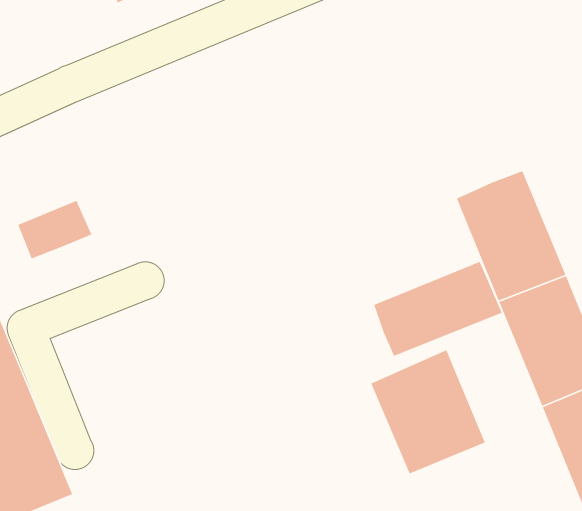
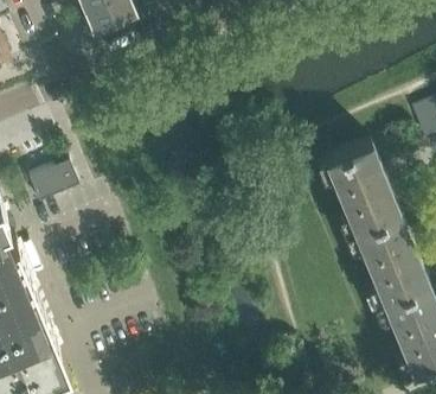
building: [373,261,503,357] -> none
building: [370,349,486,474] -> none

